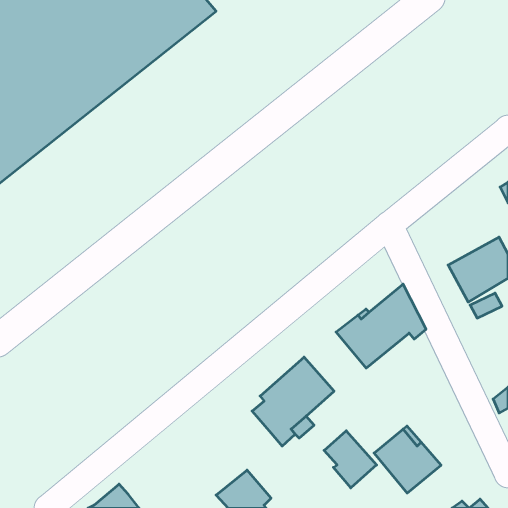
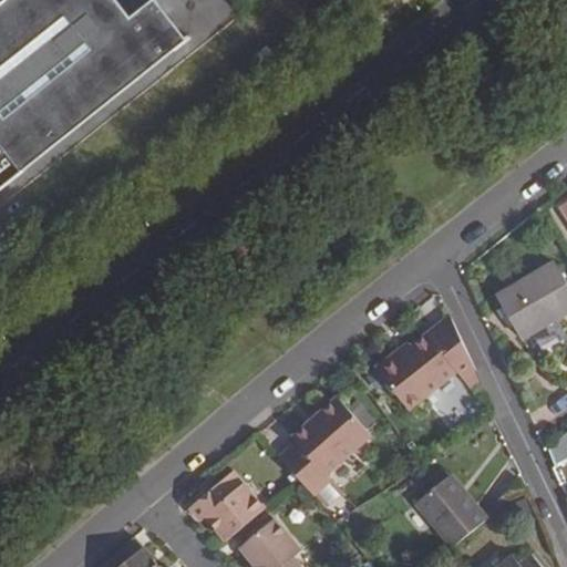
building: none -> [188,472,264,542]
building: [324,431,377,488] -> none

